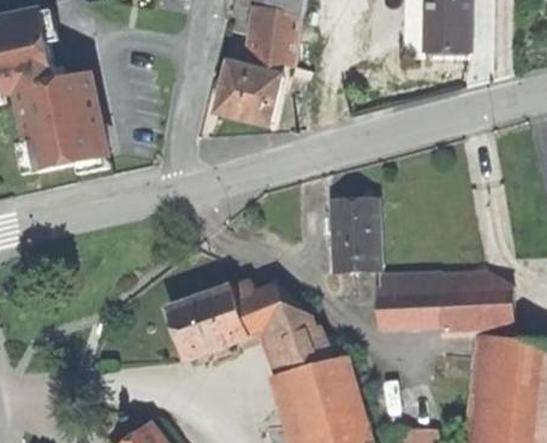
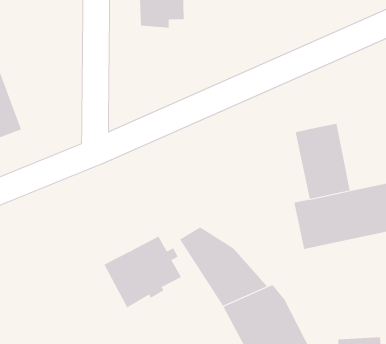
building: [213,63,278,124] -> none
building: [328,197,376,272] -> [295,123,350,199]

